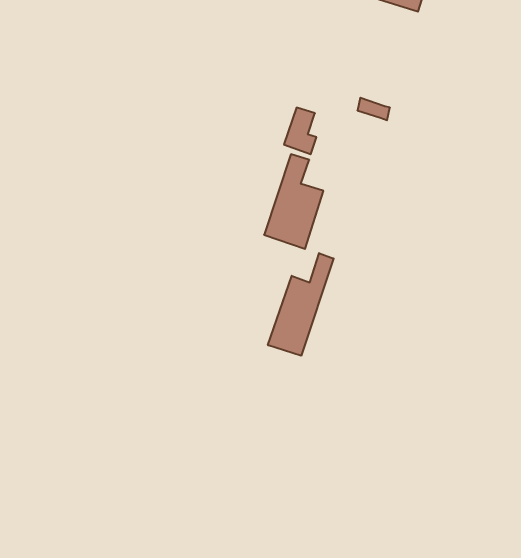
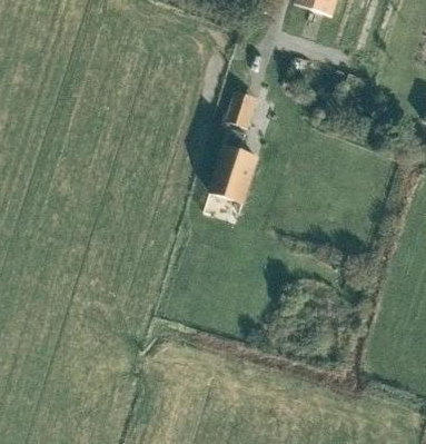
building: [268,253,334,356] -> none

